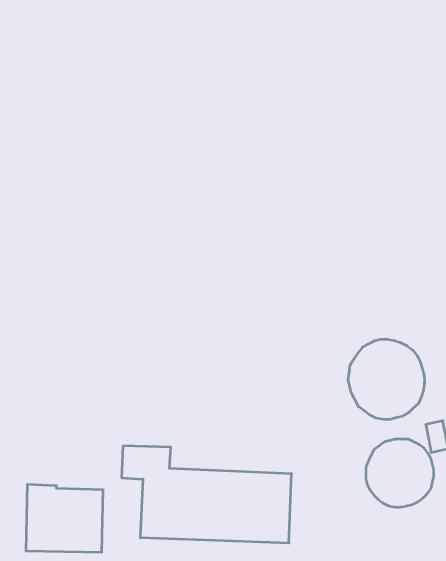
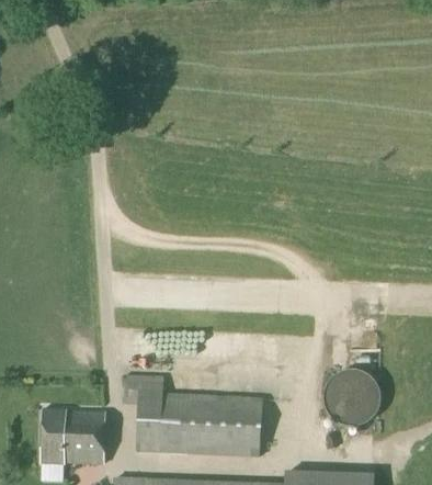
building: [348,339,424,419] -> none

